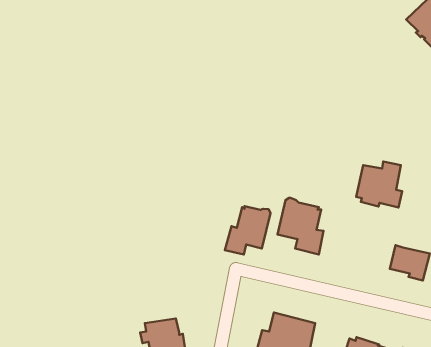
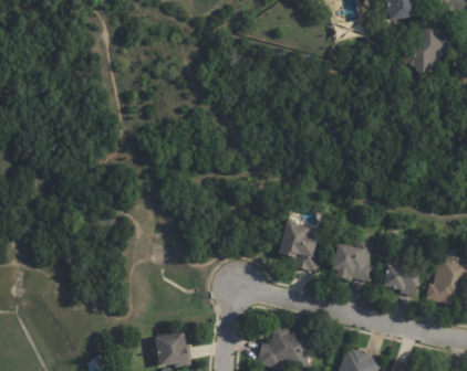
building: [356,162,402,208] -> [331,239,374,282]
building: [225,206,270,254] -> none

